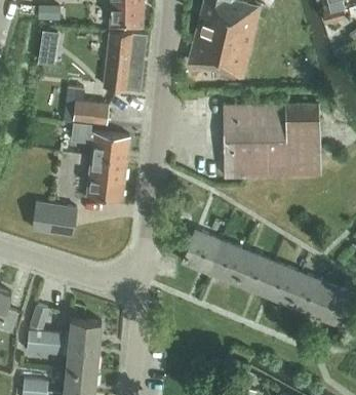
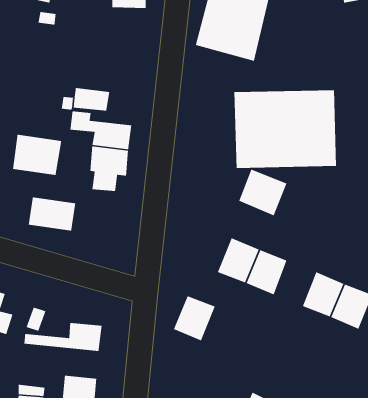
building: [103,31,146,91] -> none
building: none -> [12,134,62,176]
building: none -> [238,168,288,217]
building: [182,231,222,274] -> [173,295,216,341]
building: [262,263,301,306] -> none
building: [27,341,98,372] -> none

